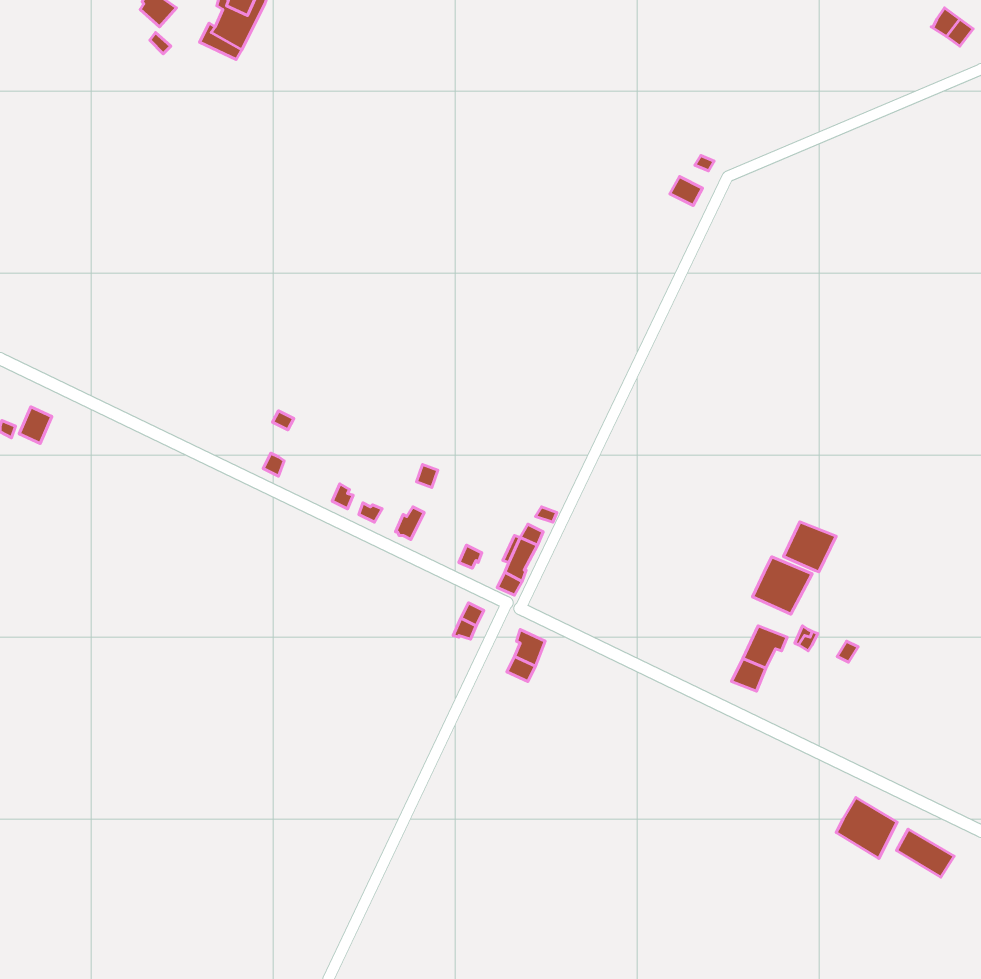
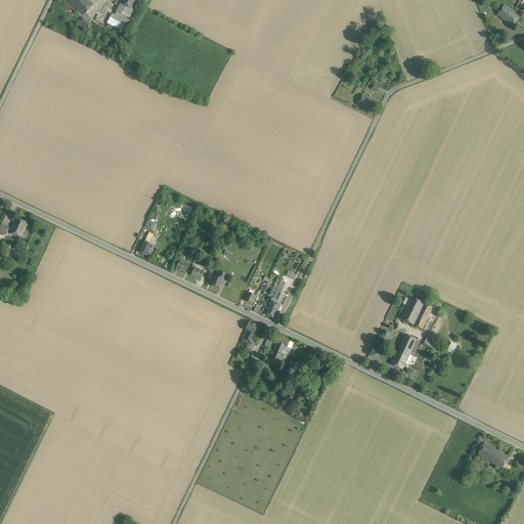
building: [784,522,836,572] -> none
building: [836,798,897,859] -> none

